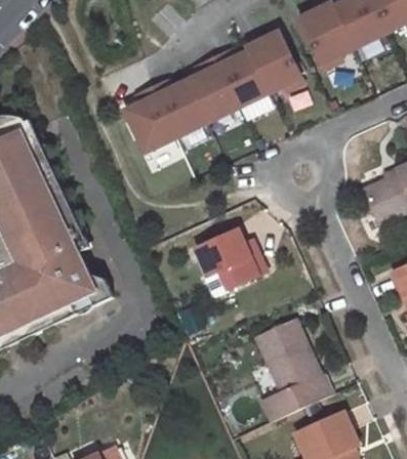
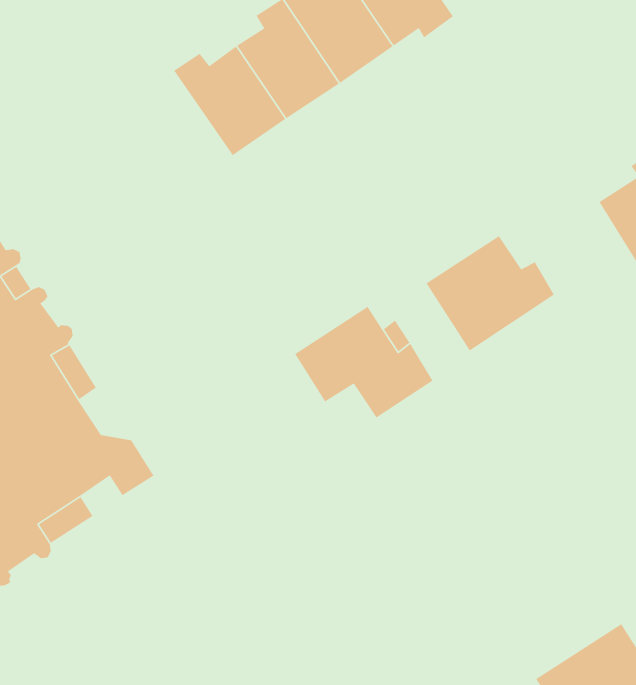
building: [125,90,176,155] -> none
building: none -> [426,235,555,352]
building: [258,320,331,419] -> none

